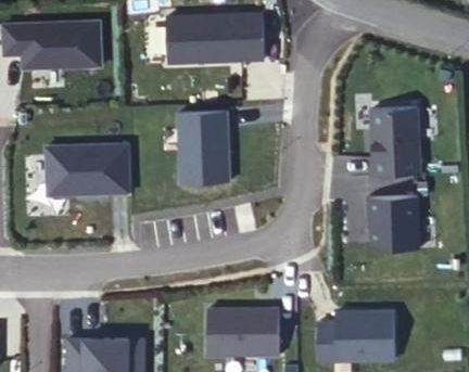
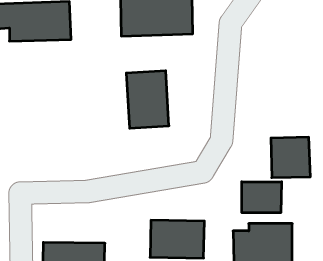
building: [368,106,420,177] -> none
building: [45,144,128,196] -> none
building: none -> [242,182,282,213]

